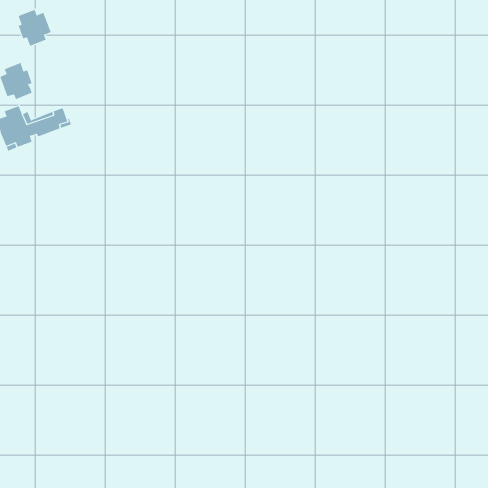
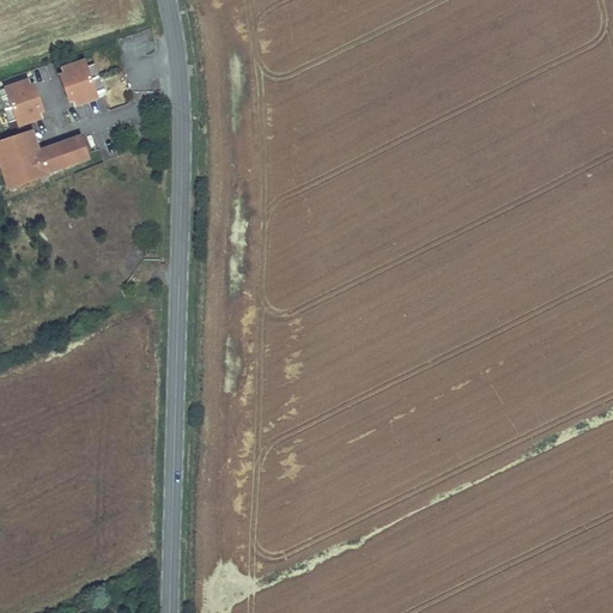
building: [18,9,51,47] -> [61,56,103,103]

